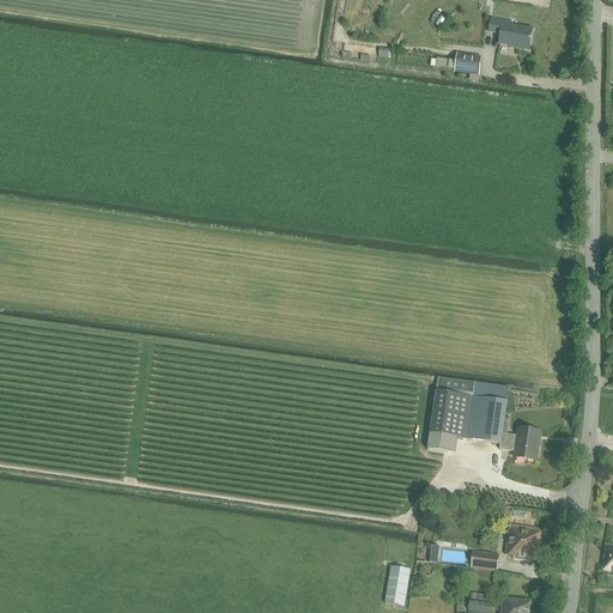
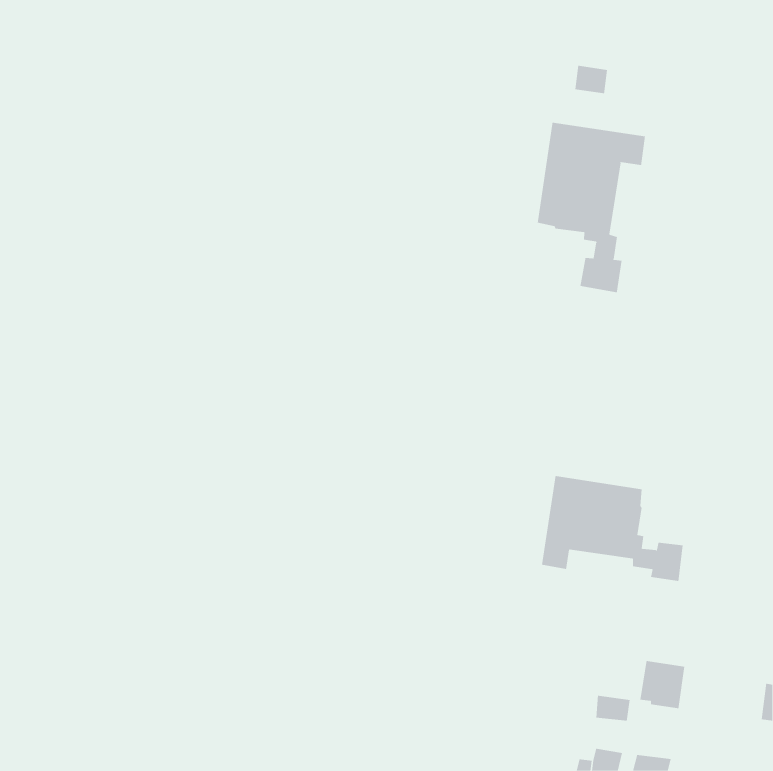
building: [487,16,532,48] -> none
building: none -> [537,122,645,293]
building: [384,566,408,605] -> none

